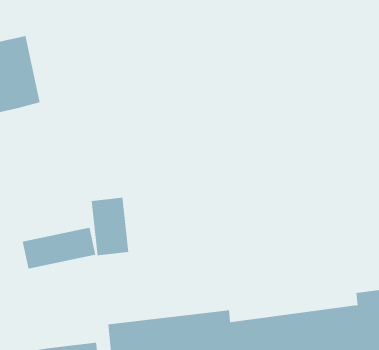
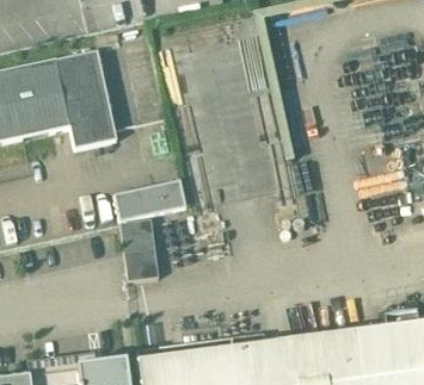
building: none -> [47,50,116,153]
building: [22,227,96,269] -> [117,176,191,218]

